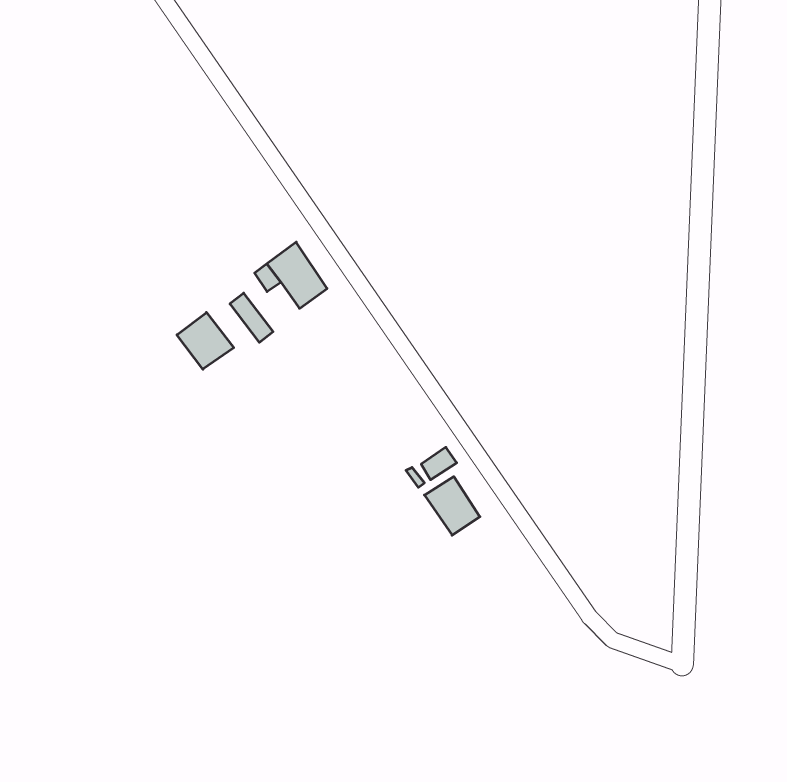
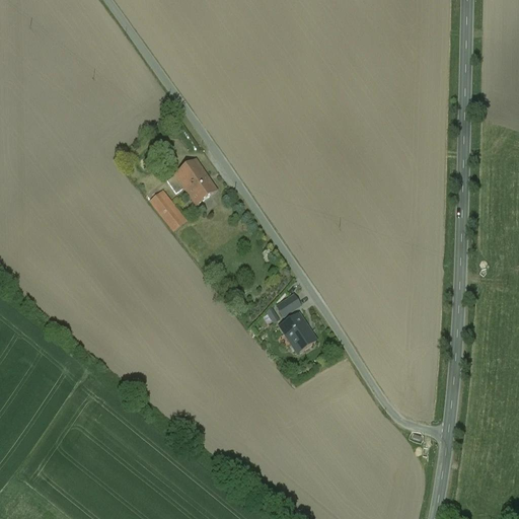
building: [177,312,234,369] -> none

